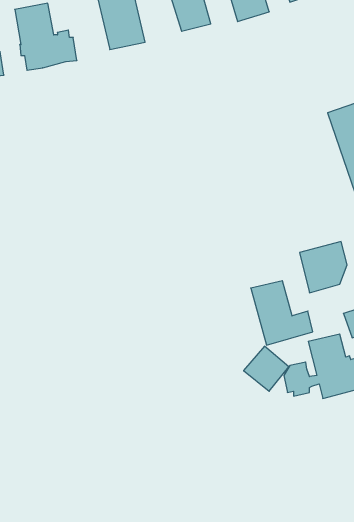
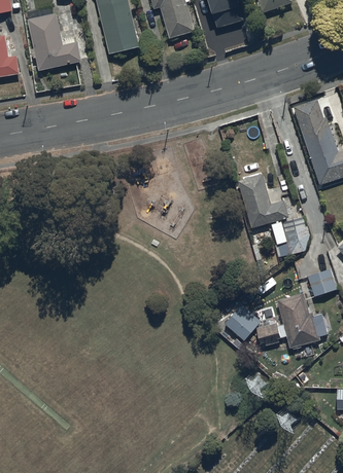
building: [251,281,313,345] -> [236,174,288,228]

